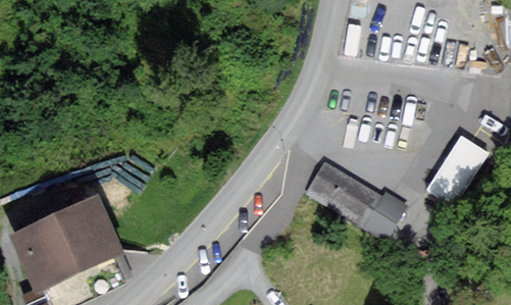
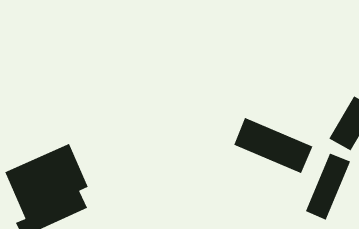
building: none -> [305,152,351,221]

